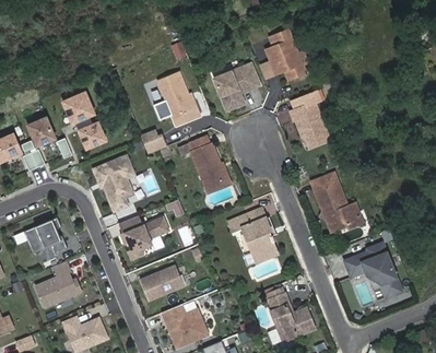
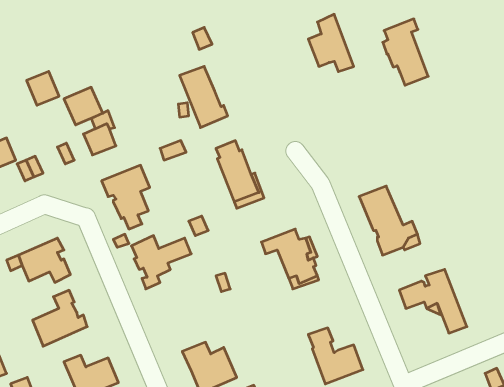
building: [215,64,260,109] -> none
building: [292,93,330,149] -> [383,19,428,85]
building: [28,117,56,145] -> [27,71,59,105]
building: [140,266,184,301] -> none

